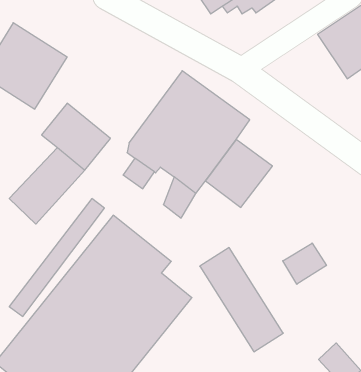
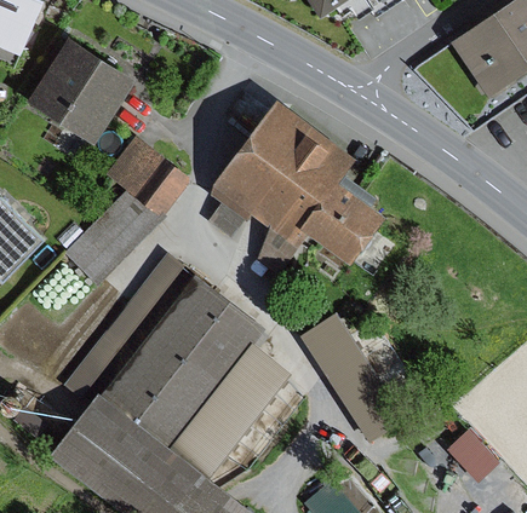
building: [283,243,326,284] -> none

